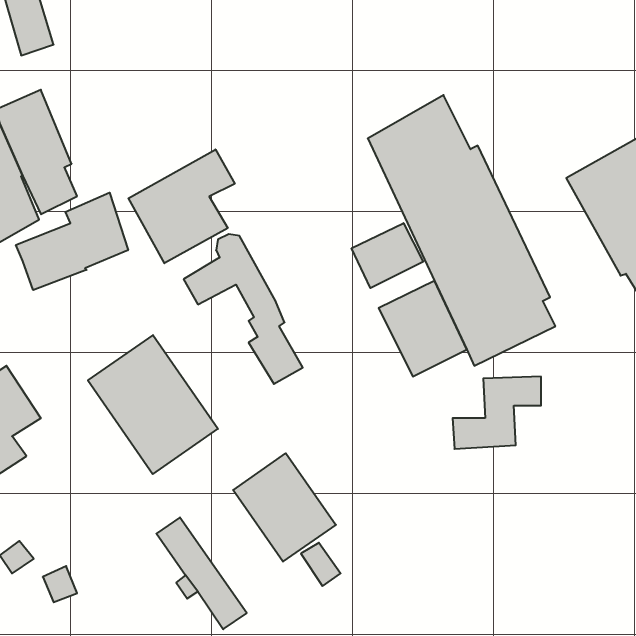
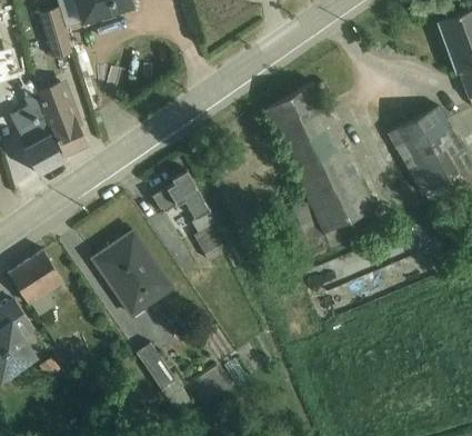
building: [128,149,235,263] -> none
building: [16,193,128,290] -> none
building: [352,223,423,288] -> none
building: [233,453,336,562] -> none

